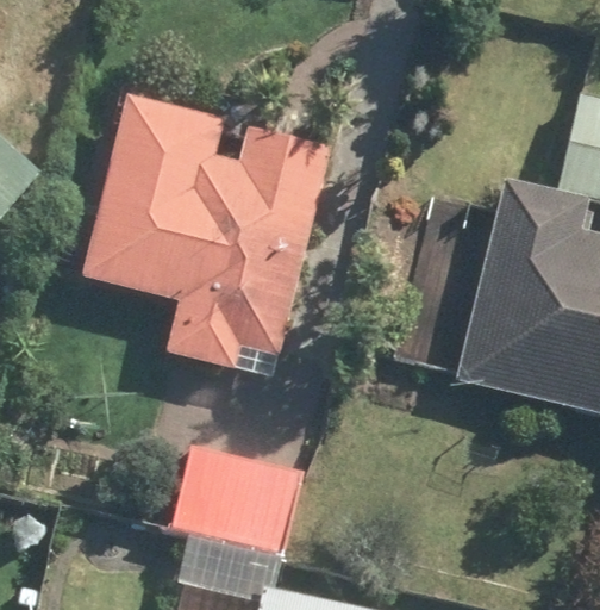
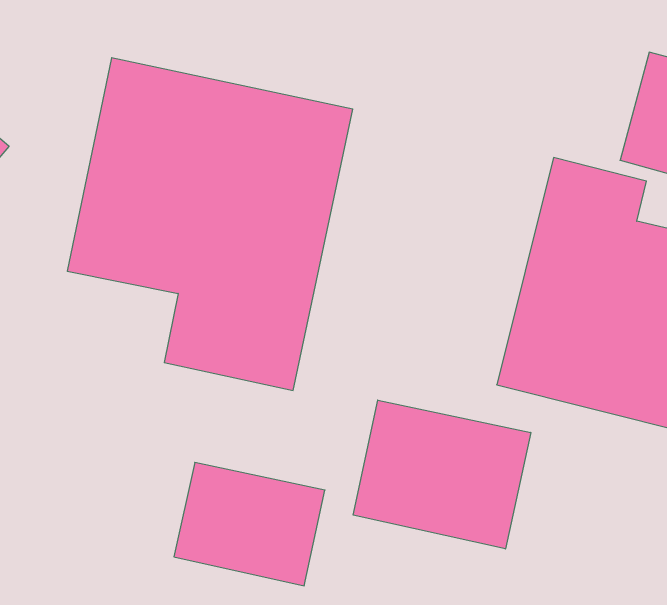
building: none -> [353,400,531,549]

